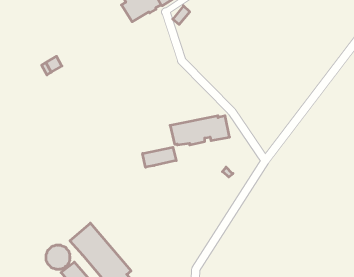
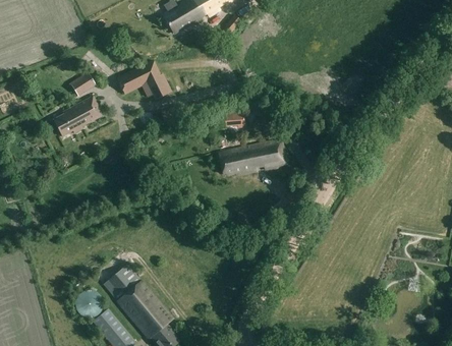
building: none -> [118,60,171,99]
building: none -> [54,97,102,136]
building: [143,147,176,167] -> none

